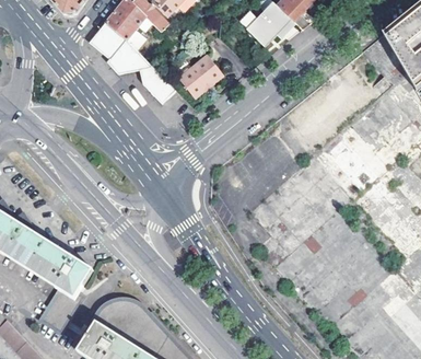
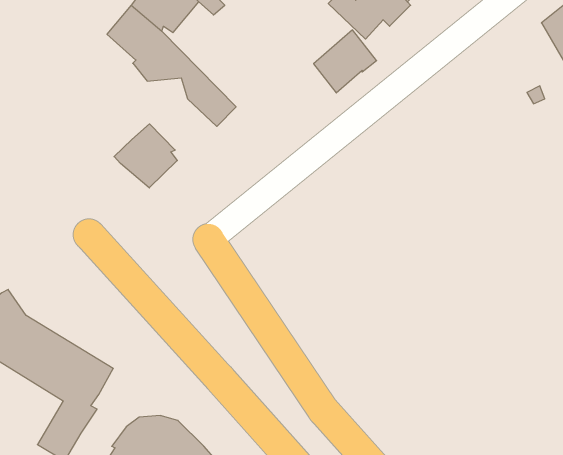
building: [178,54,221,96] -> [314,30,377,93]
building: none -> [114,124,177,188]

